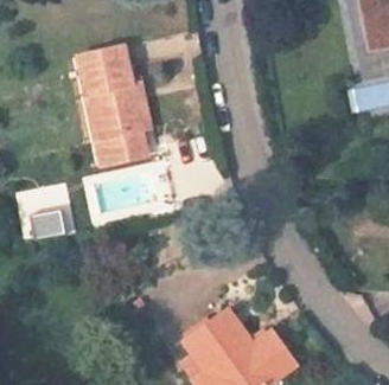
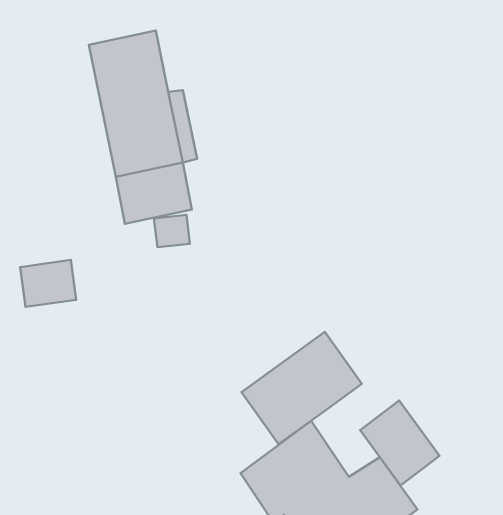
building: none -> [242,332,362,444]
building: none -> [360,400,439,486]

